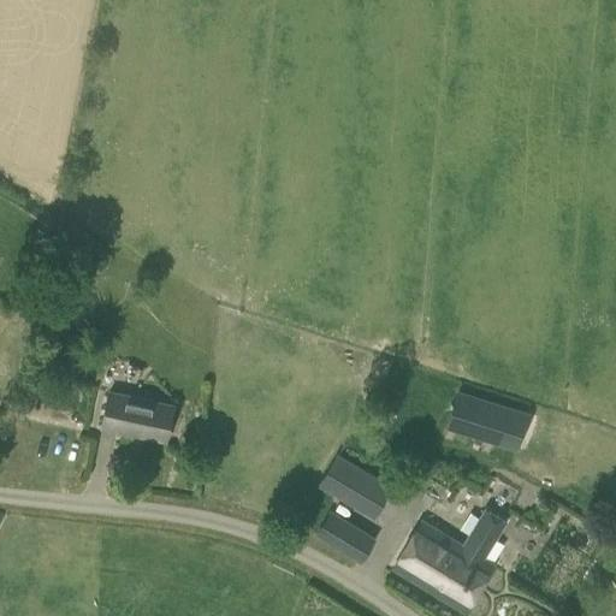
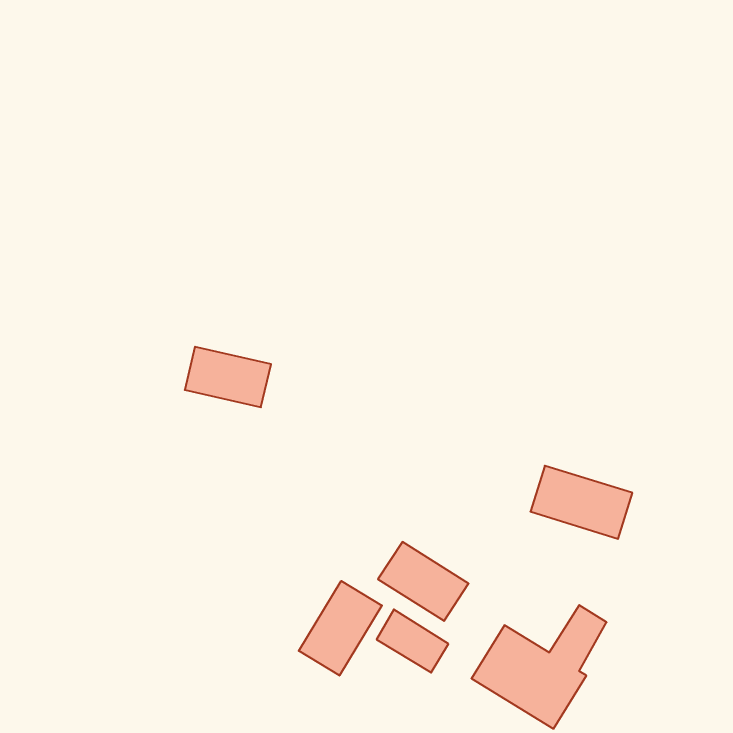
building: [102,392,174,443] -> [185,347,271,407]
building: none -> [299,581,382,676]

